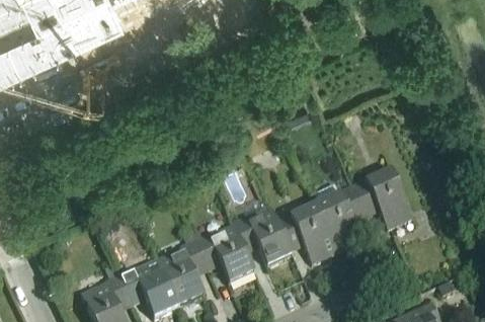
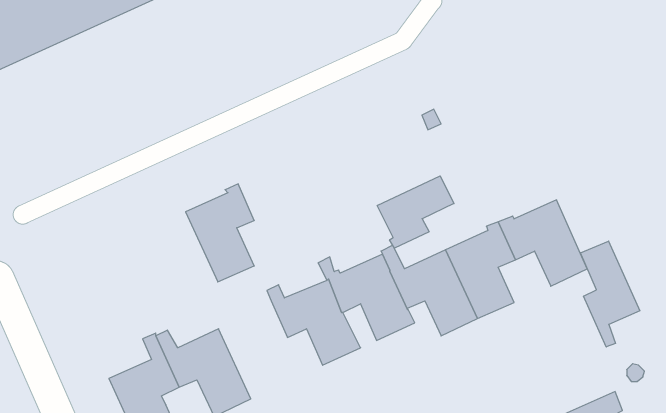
building: none -> [377,176,454,248]
building: none -> [580,241,640,347]
building: [158,243,206,311] -> [186,184,254,282]

